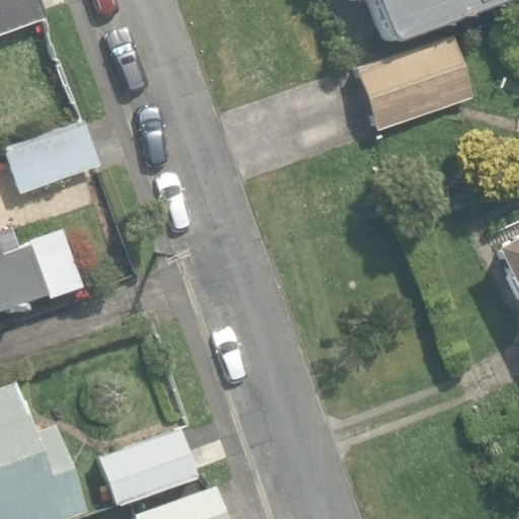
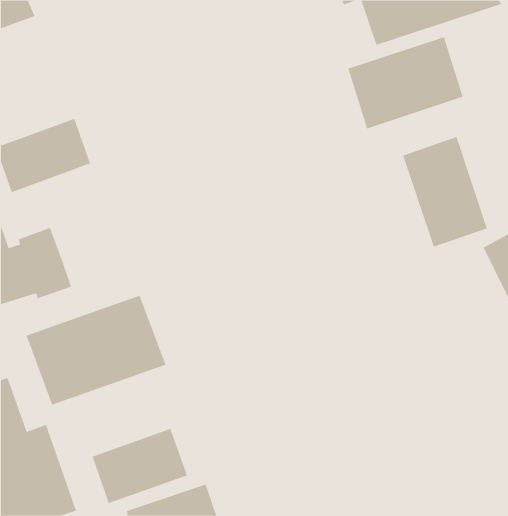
building: none -> [403,136,488,248]
building: none -> [26,295,166,406]

